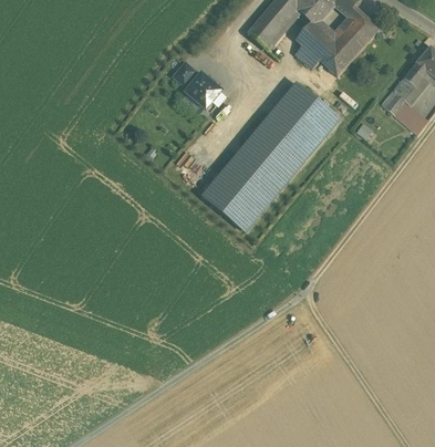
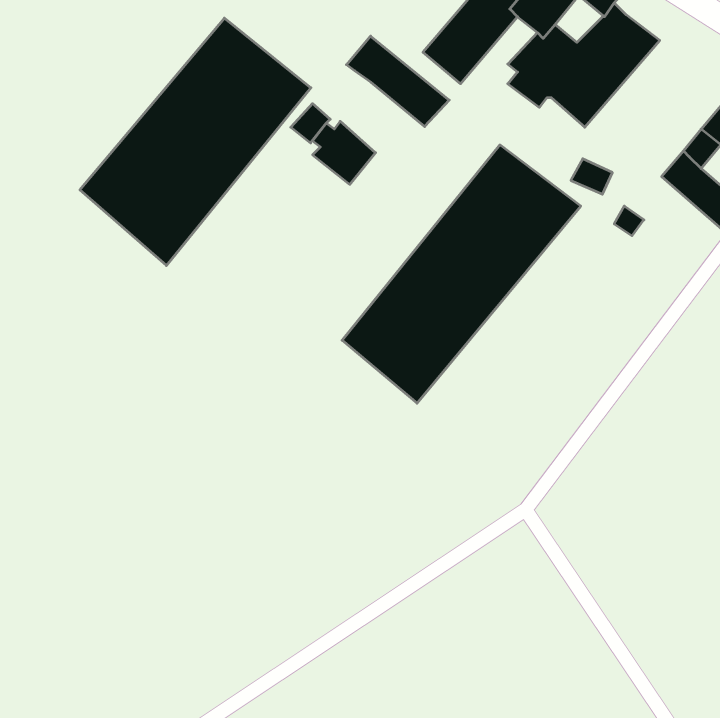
building: none -> [80,18,311,266]
building: none -> [346,36,449,127]

